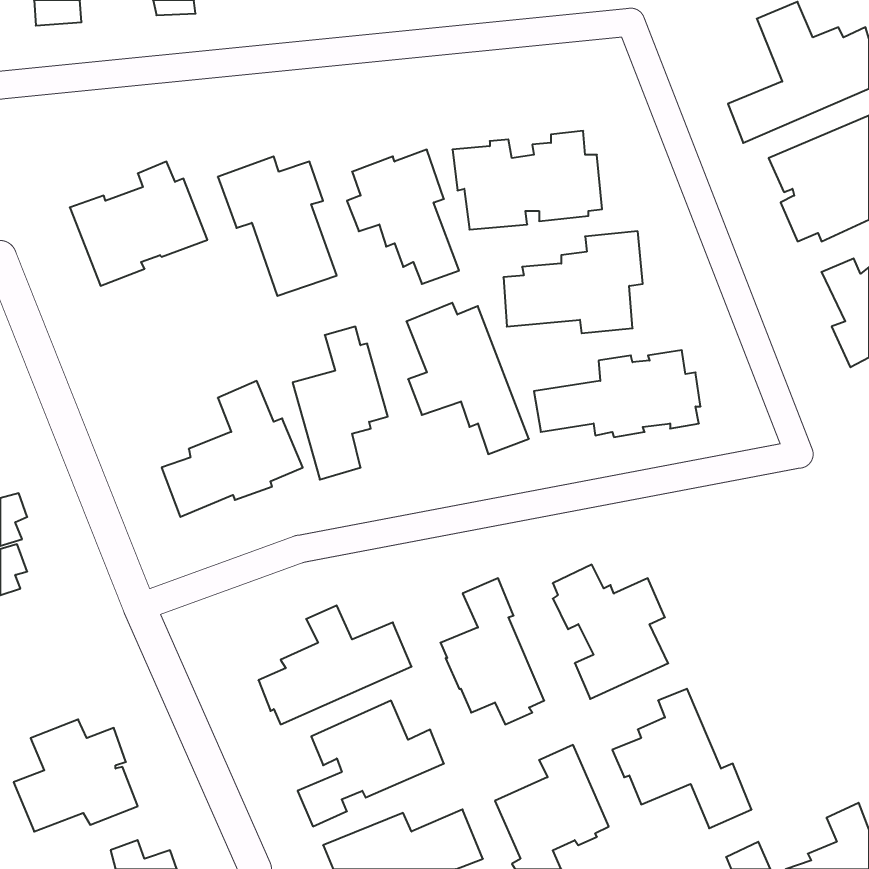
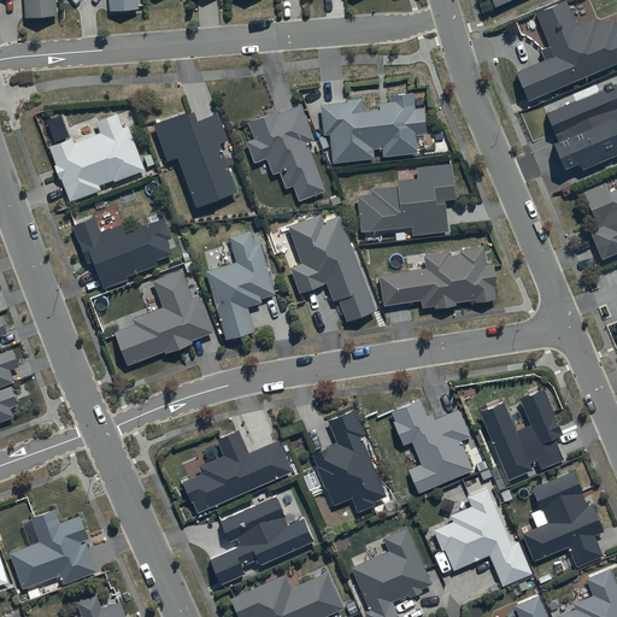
building: none -> [74,218,174,289]
building: none -> [480,390,564,482]
building: none -> [522,471,605,568]

